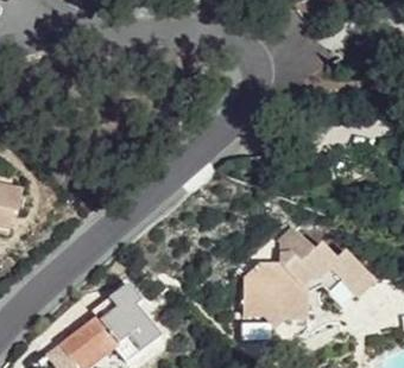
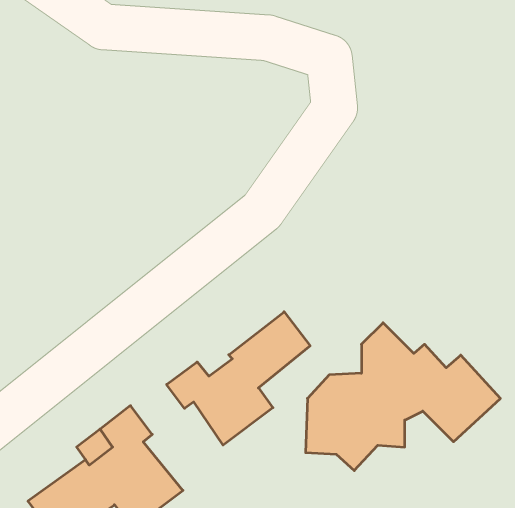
building: none -> [167,312,310,445]

